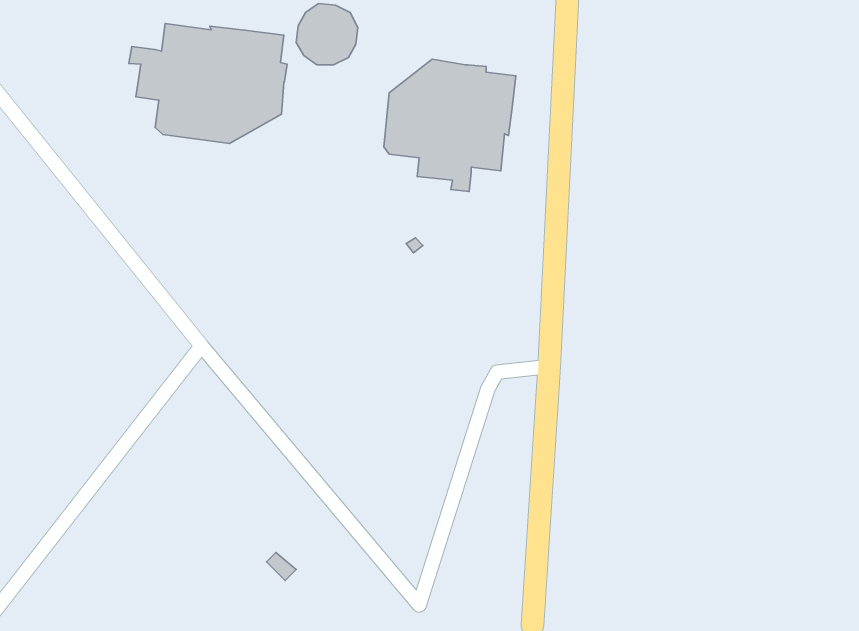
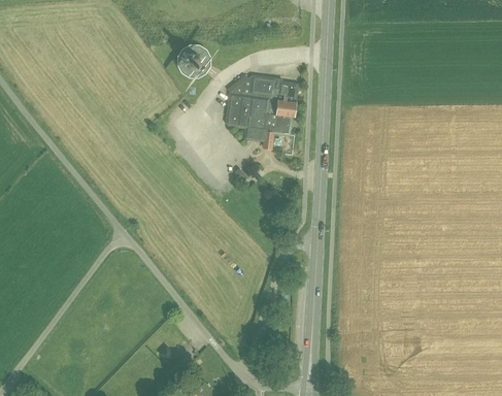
building: [129,24,287,144] -> none

